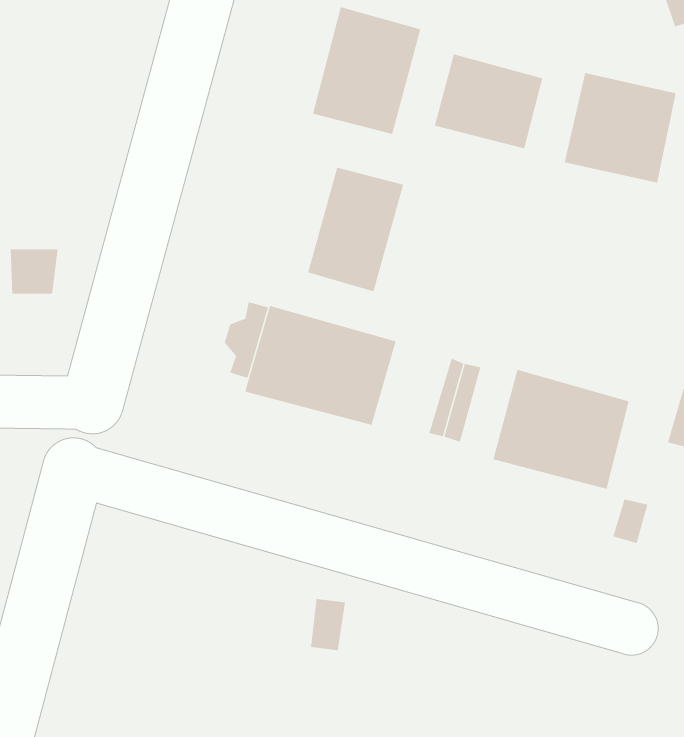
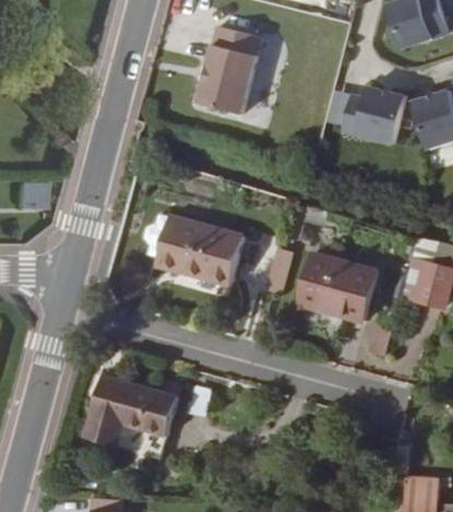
building: [434,54,543,149] -> none
building: [308,167,404,292] -> none
building: none -> [85,374,179,446]

